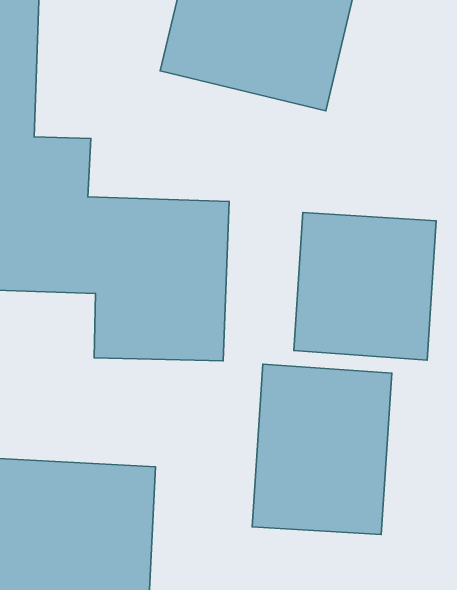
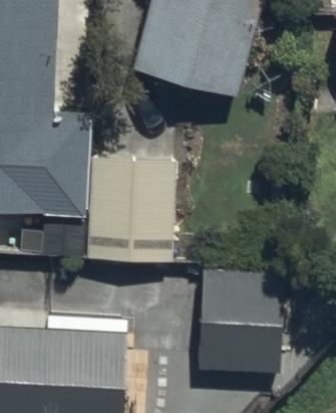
building: [294,213,436,360] -> none

